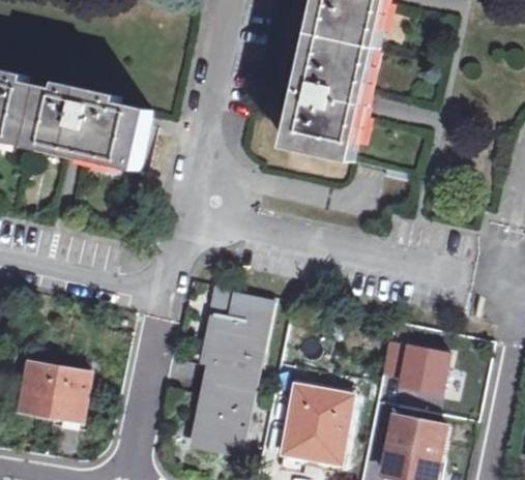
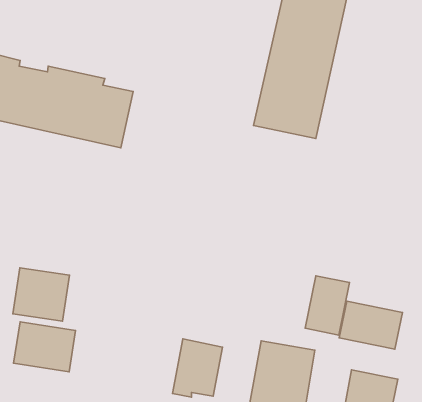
building: [207,290,268,392] -> none
building: none -> [13,268,70,321]
building: none -> [305,276,349,335]

